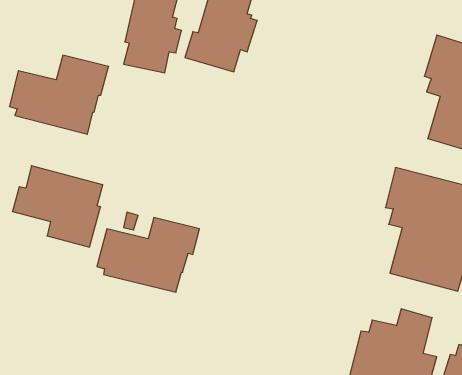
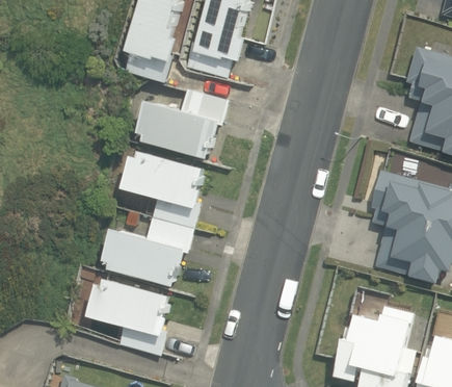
building: [9,55,109,134] -> [135,84,228,158]
building: [12,166,103,247] -> [121,147,205,223]
building: none -> [85,278,170,353]

